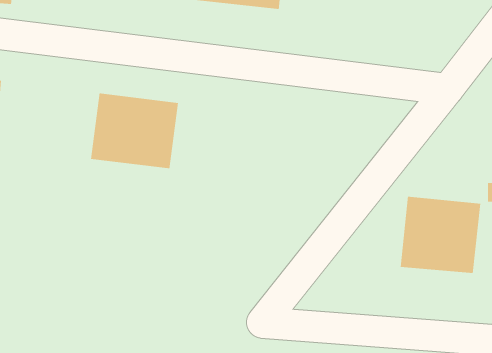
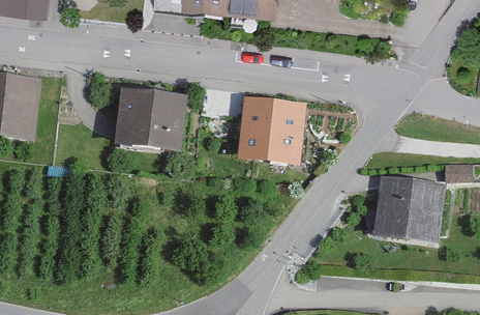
building: none -> [237,104,307,169]

